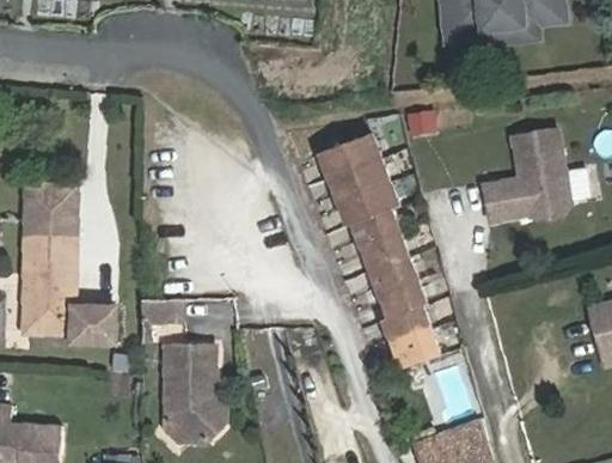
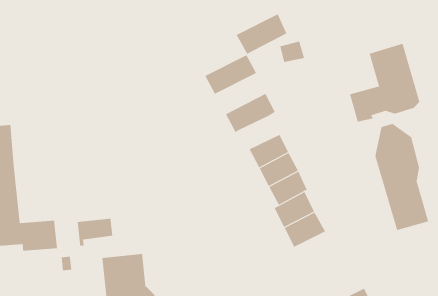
building: [322,146,384,191] -> [236,13,287,54]
building: [347,199,396,237] -> none
building: none -> [375,123,429,231]

